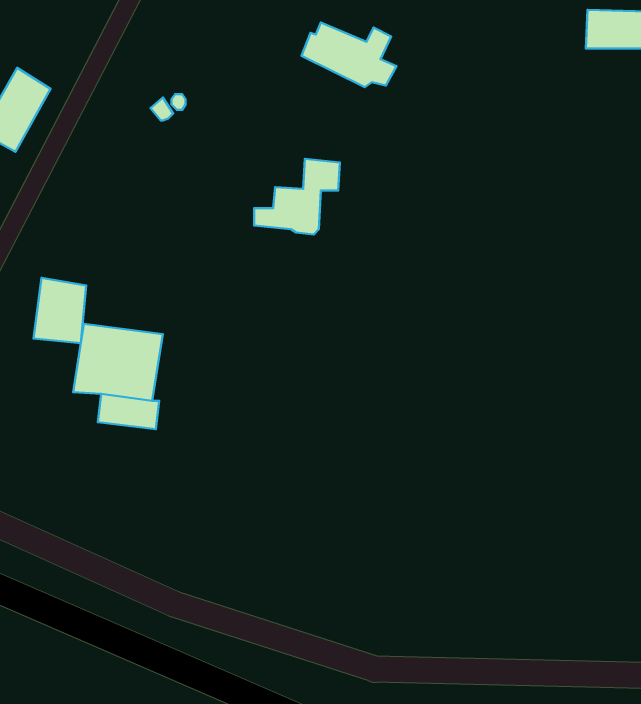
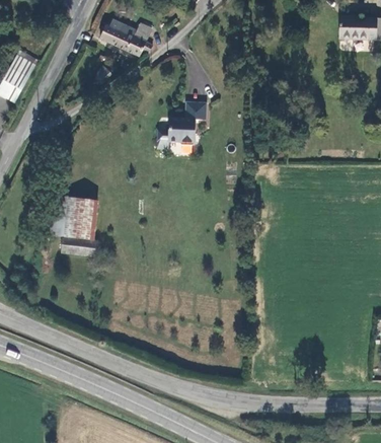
building: [302,22,396,87] -> [98,17,153,55]
building: [33,278,86,343] -> none

